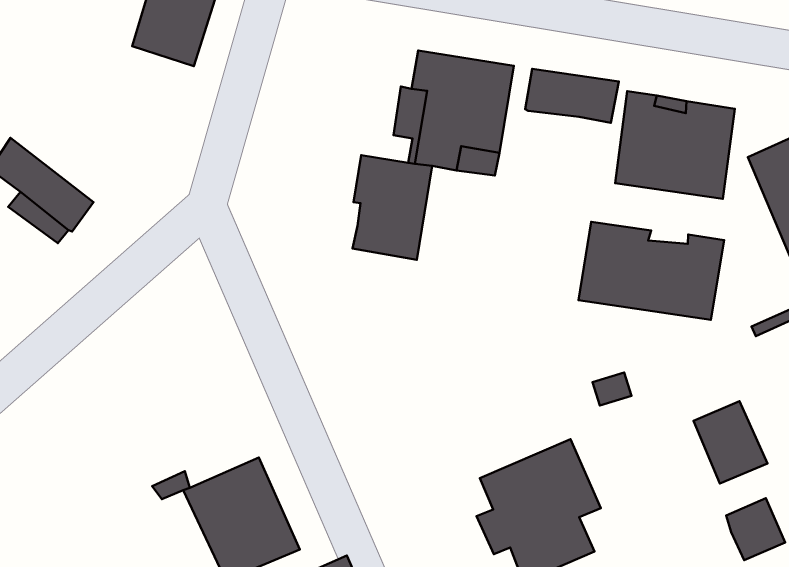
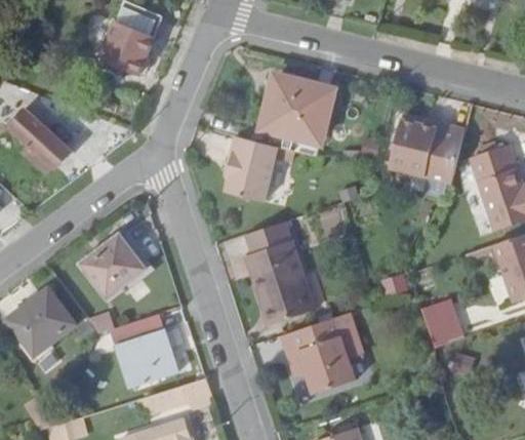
building: [525,69,619,123] -> none
building: [579,222,724,320] -> none
building: none -> [246,226,316,329]
building: none -> [88,233,152,294]
building: none -> [16,289,83,355]

